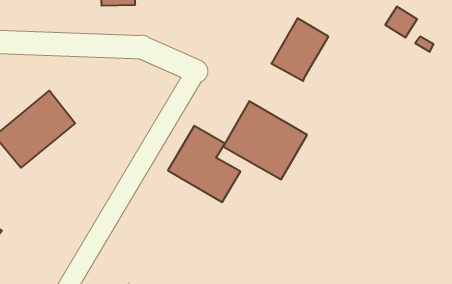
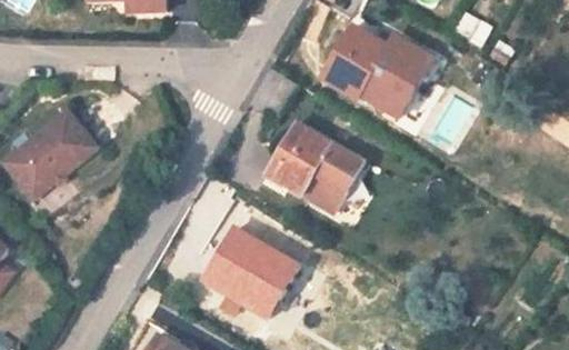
building: none -> [361,37,431,114]
building: [168,126,240,202] -> [204,229,288,317]

